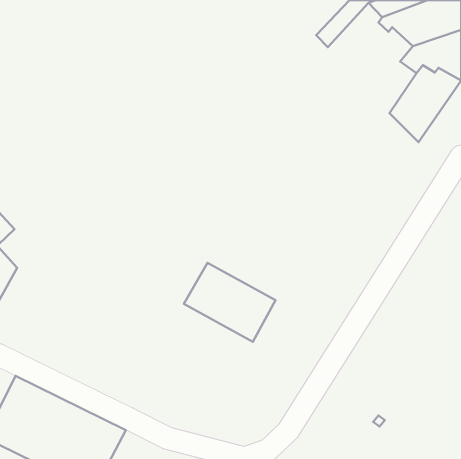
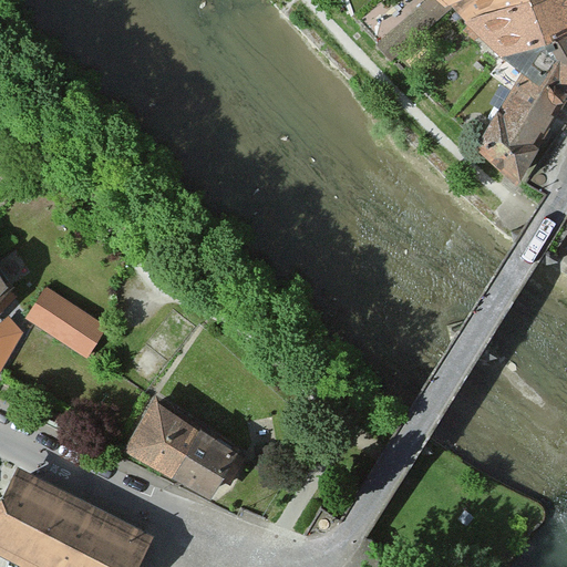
building: none -> [20,285,105,358]
building: [184,263,275,342] -> [128,403,240,499]

